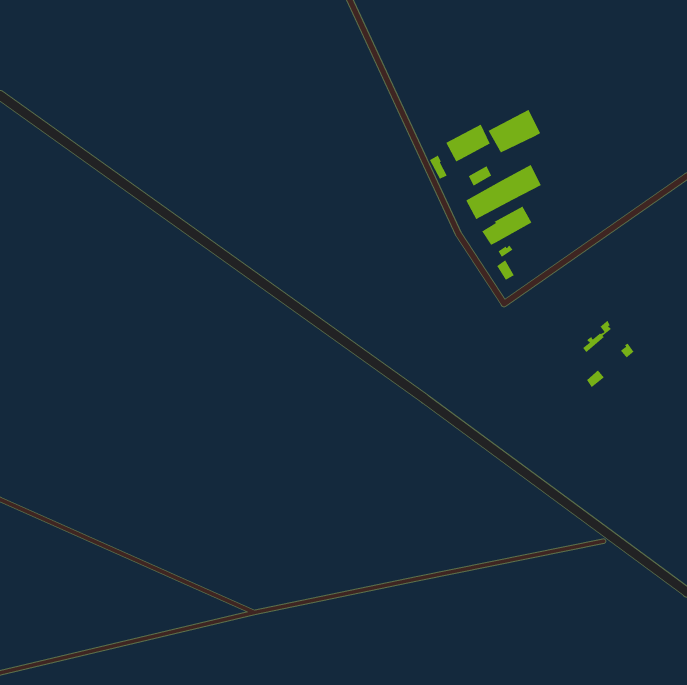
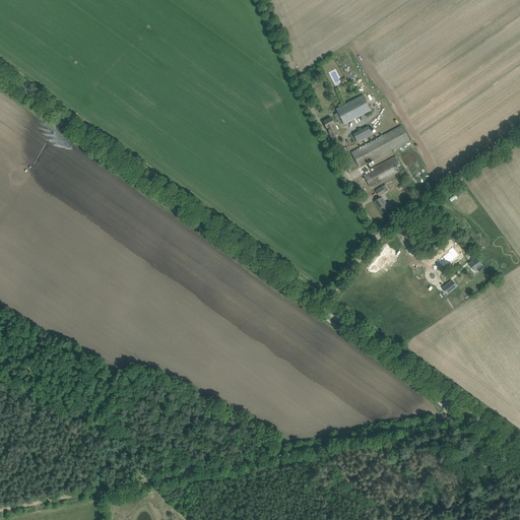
building: [487,109,541,154] -> none

